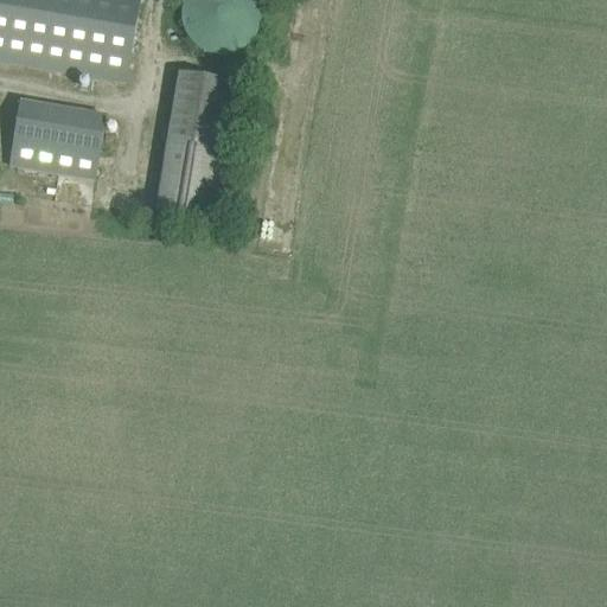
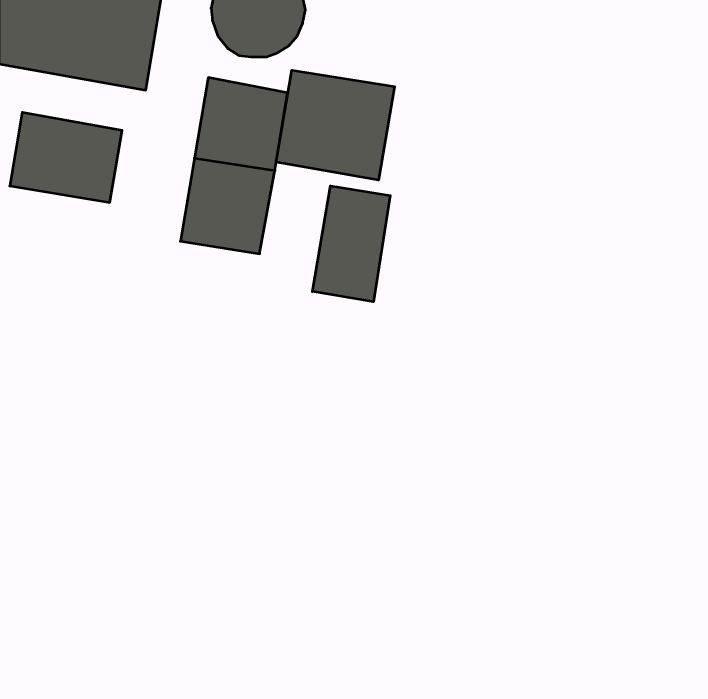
building: none -> [276,70,395,180]
building: none -> [312,186,390,302]

